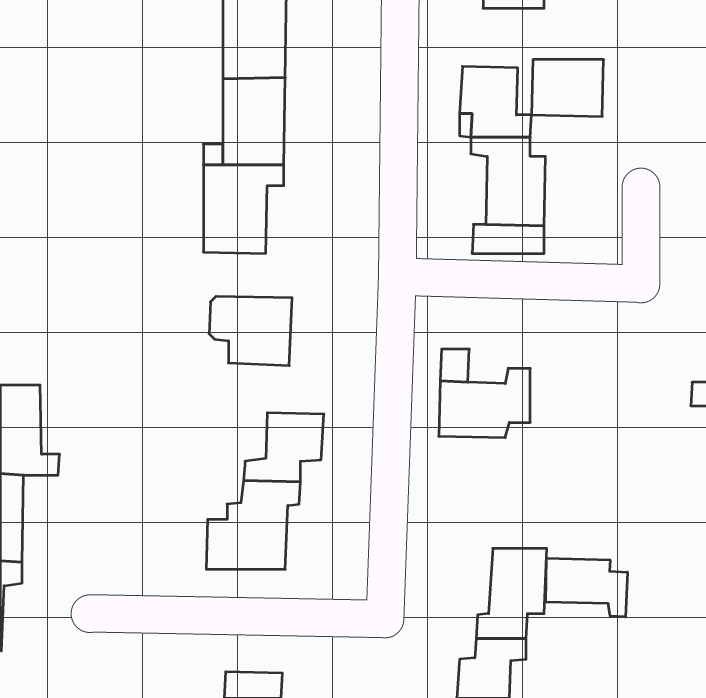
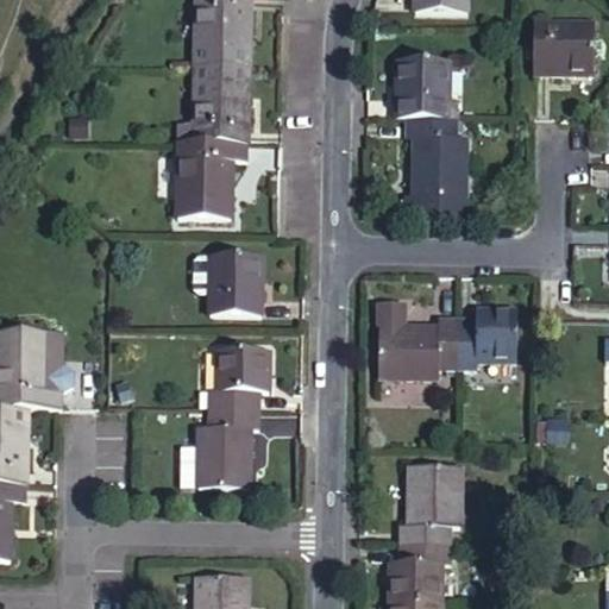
building: [532,60,604,116] -> [534,24,596,73]
building: none -> [457,303,519,363]
building: none -> [36,331,62,390]
building: [546,558,627,617] -> none

